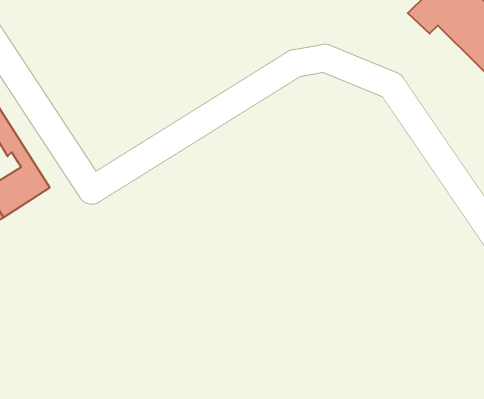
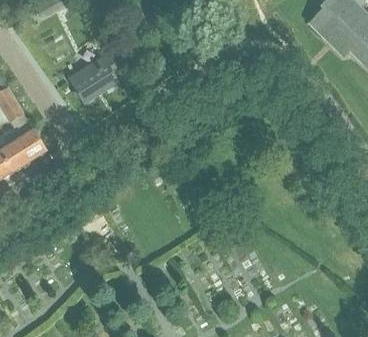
building: none -> [69,53,126,104]

